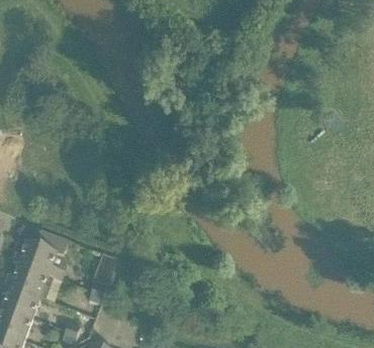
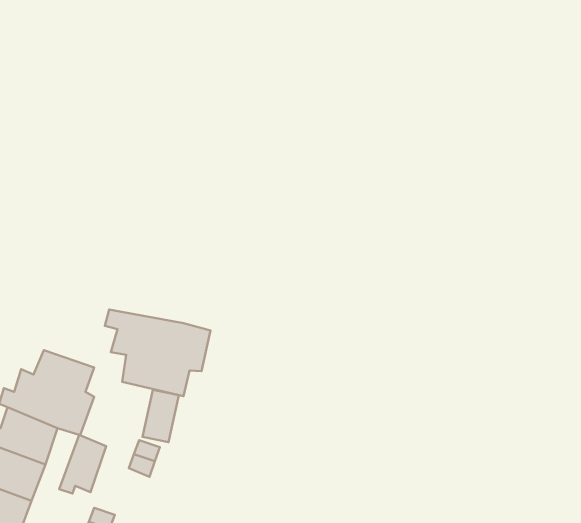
building: none -> [105,310,210,396]
building: none -> [59,435,106,494]

